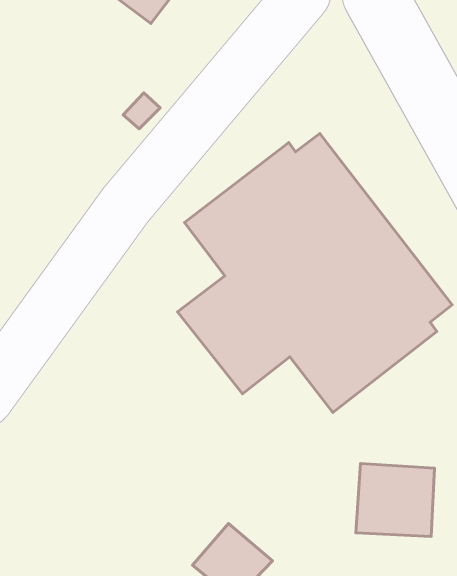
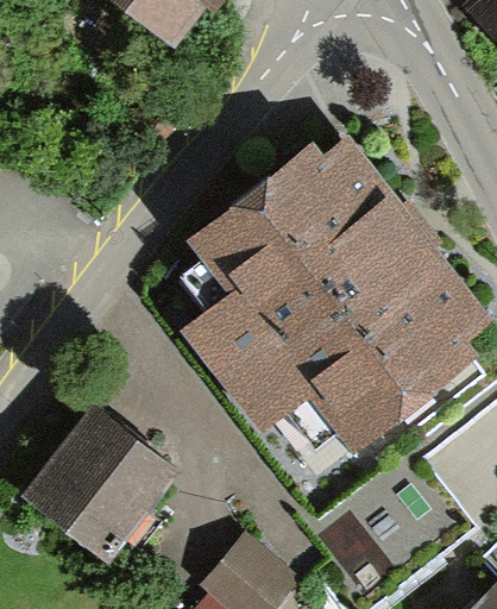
building: none -> [37,420,164,550]

